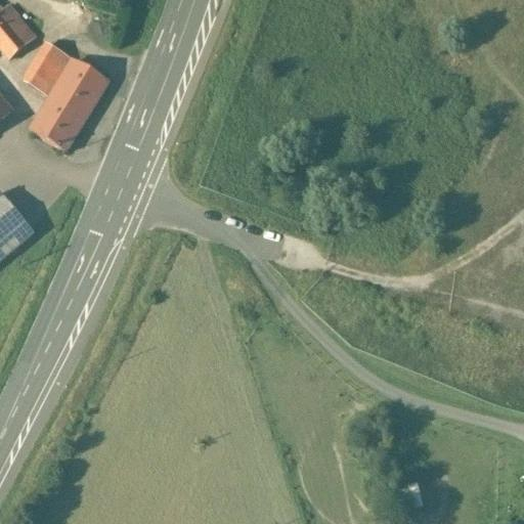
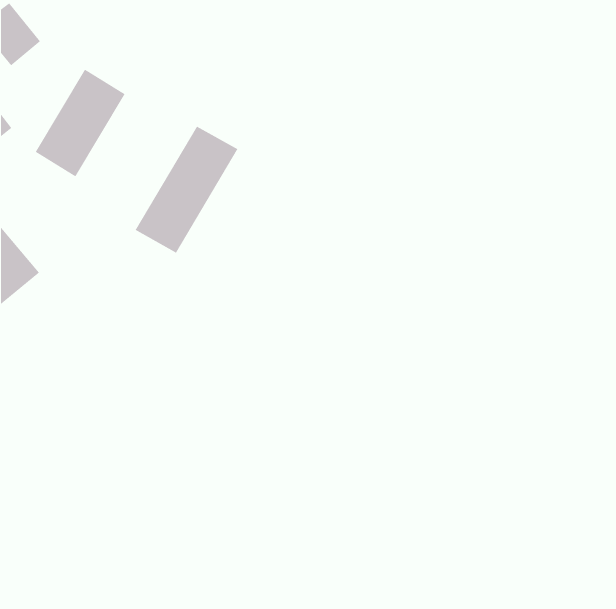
building: [23,41,70,94] -> none
building: none -> [135,126,238,253]

